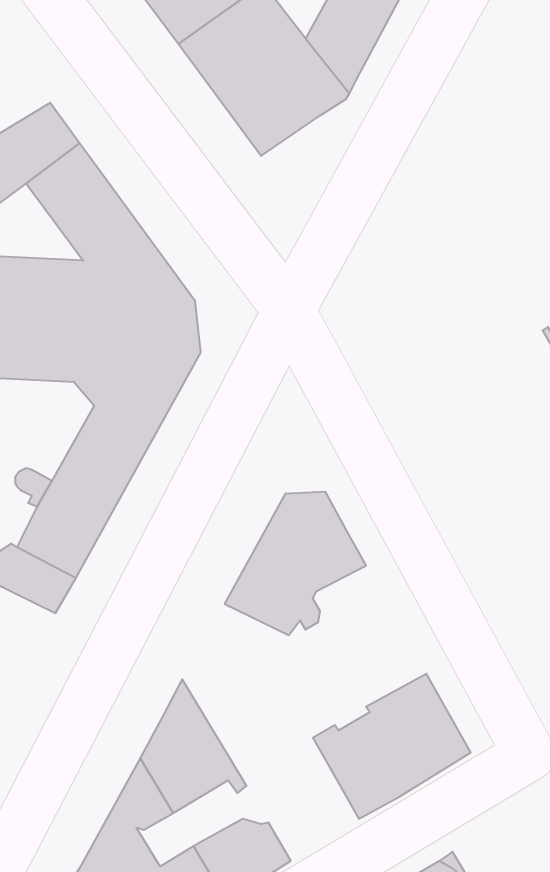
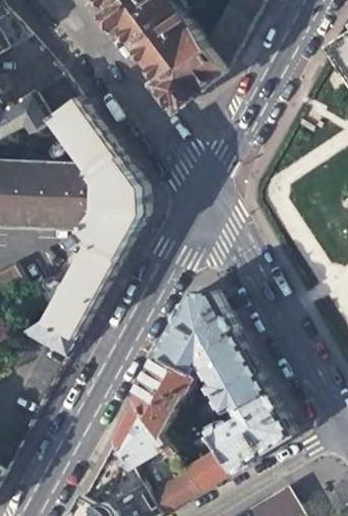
building: none -> [200,332,266,411]
building: none -> [132,353,193,453]
building: none -> [178,447,229,494]

